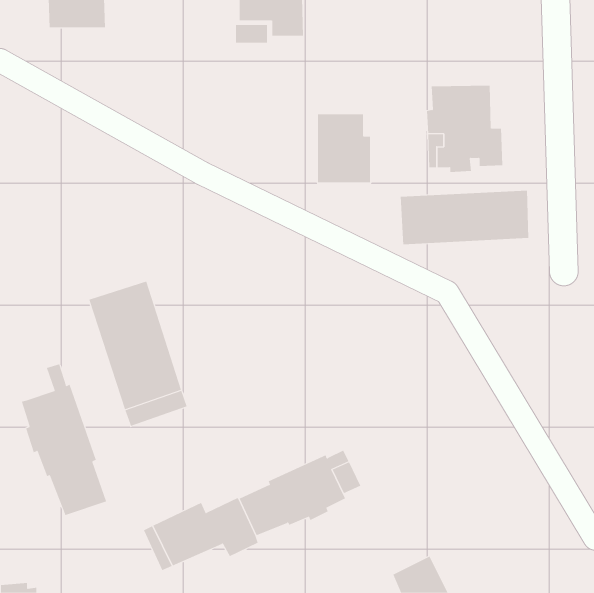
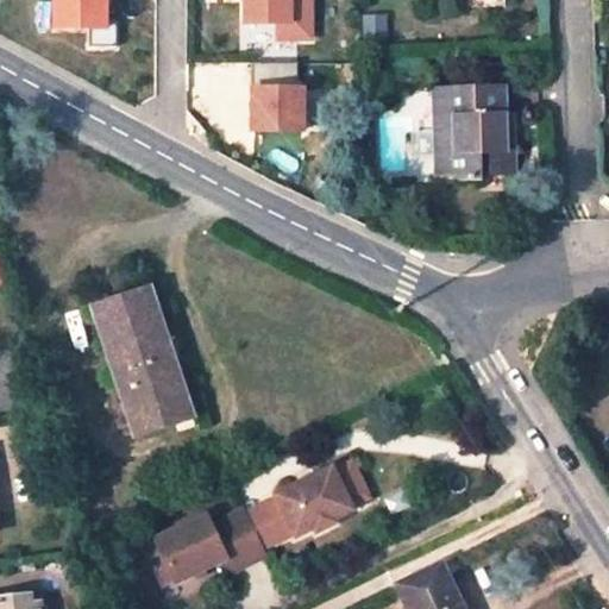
building: [317,114,371,183] -> [251,61,306,131]
building: [400,190,529,245] -> none
building: [21,364,107,516] -> none

